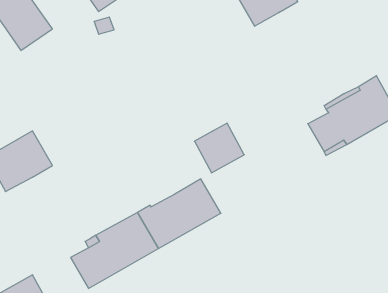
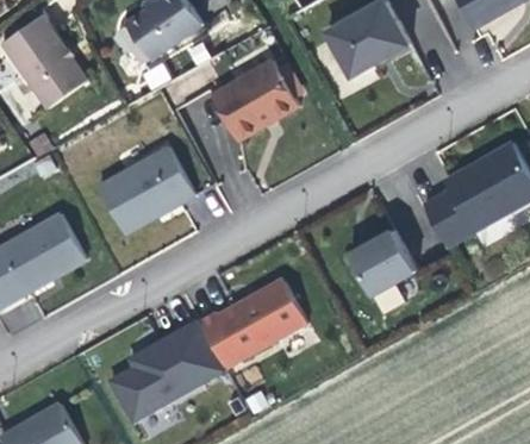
building: none -> [212,61,299,140]
building: none -> [98,146,197,234]
building: [194,123,244,173] -> [350,230,416,295]

